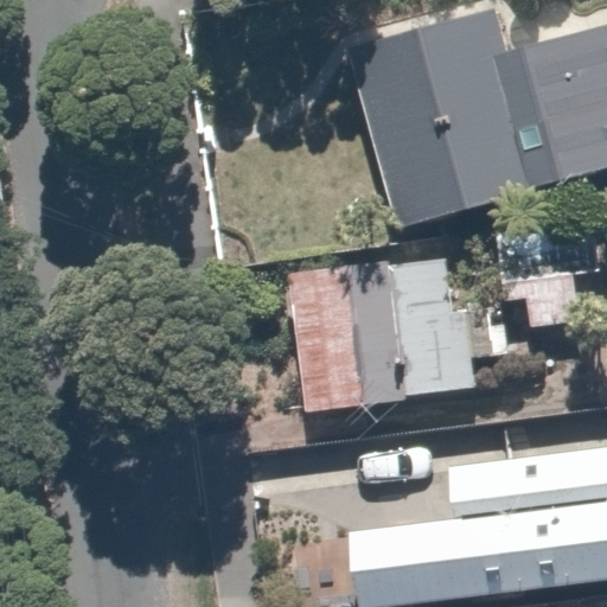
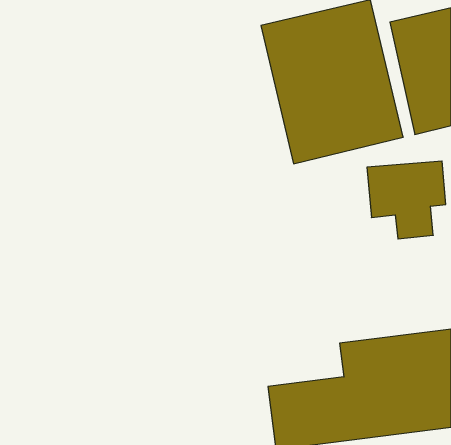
building: [293,244,498,410] -> none

